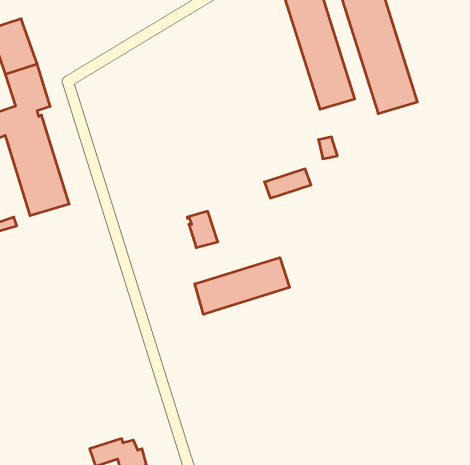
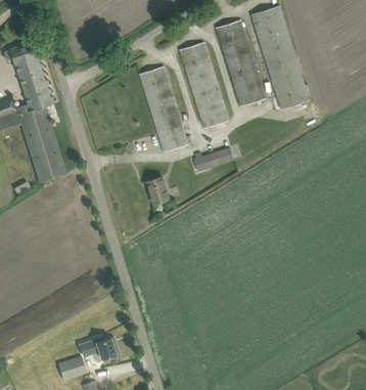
building: none -> [179,42,228,128]
building: none -> [139,66,187,151]
building: [195,258,290,314] -> none

